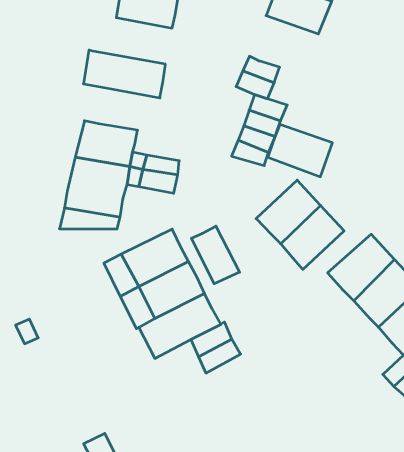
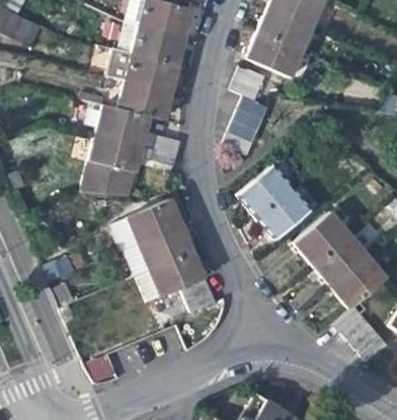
building: none -> [120,23,183,66]
building: none -> [121,81,170,120]
building: [268,124,332,177] -> [247,32,299,76]
building: [191,226,240,284] -> none

